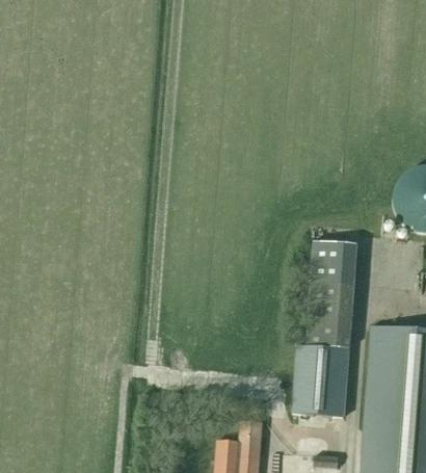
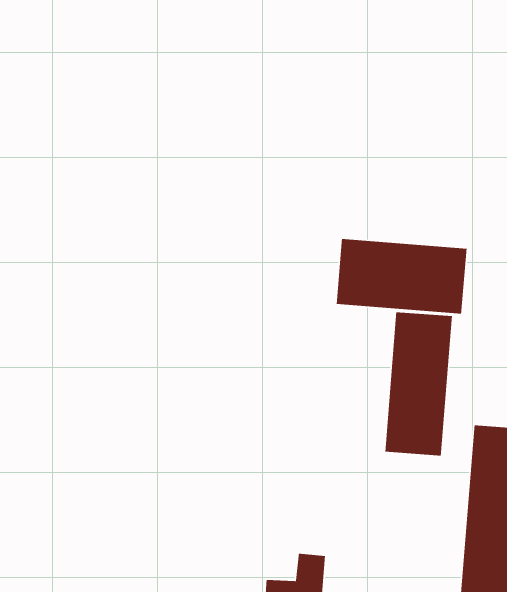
building: none -> [336,238,467,314]
building: [293,343,348,415] -> none

